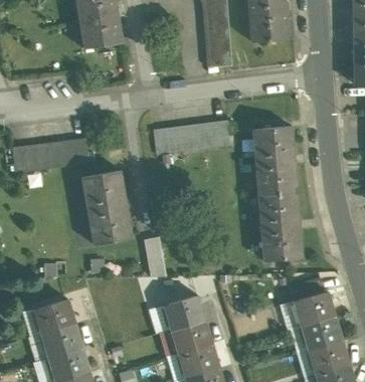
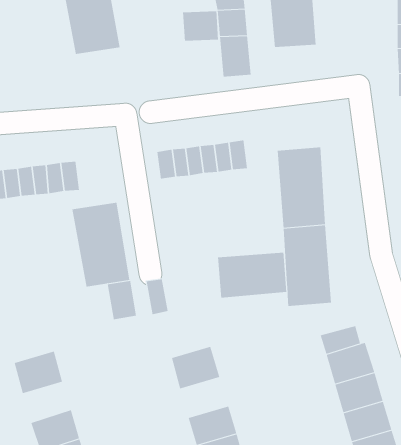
building: none -> [183,11,219,41]
building: none -> [218,252,287,299]
building: none -> [107,280,137,320]
building: [172,320,213,354] -> none
building: [40,324,81,358] -> none

